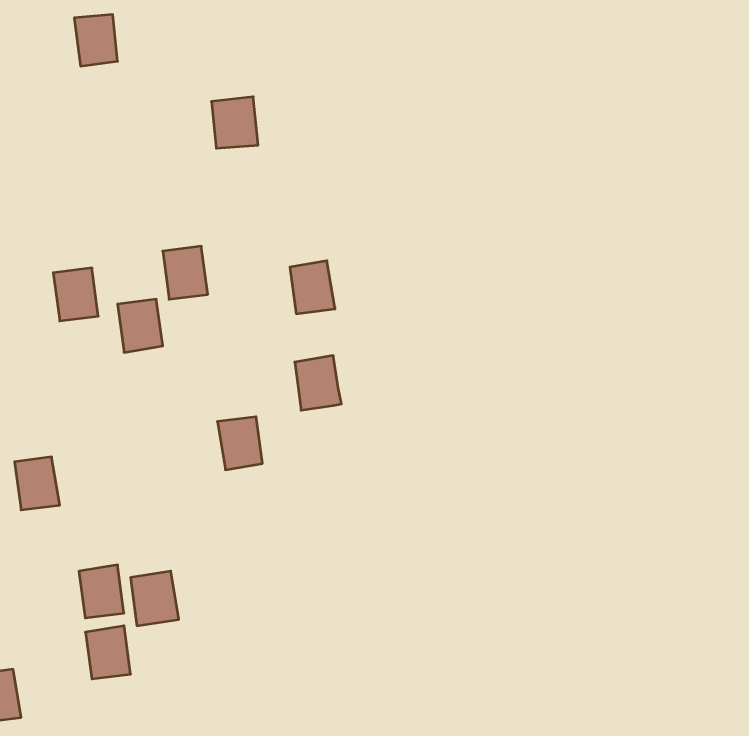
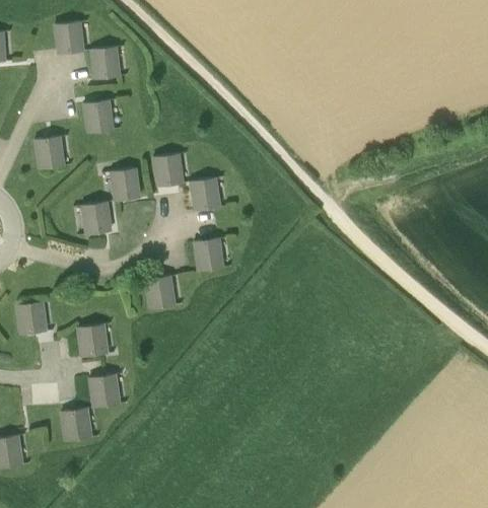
building: [211,97,258,148] -> [91,47,121,79]
building: none -> [83,99,114,133]
building: none -> [153,157,179,188]
building: [53,268,98,321] -> [34,136,63,169]
building: [79,565,124,618] -> [78,323,107,357]

